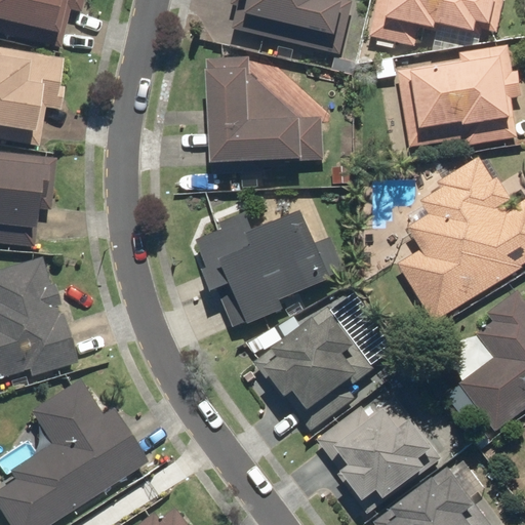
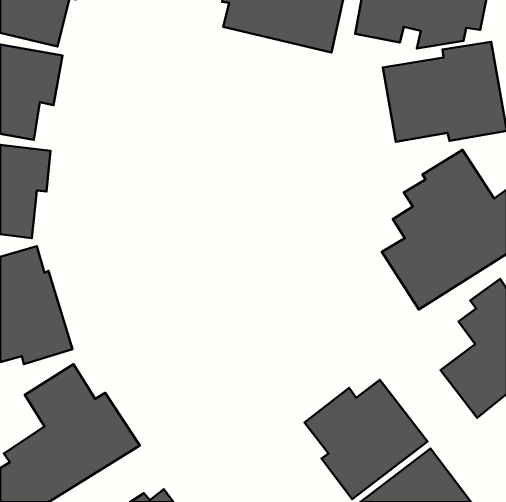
building: [202,53,325,173] -> none
building: [193,210,330,329] -> none
building: [253,304,375,432] -> none

